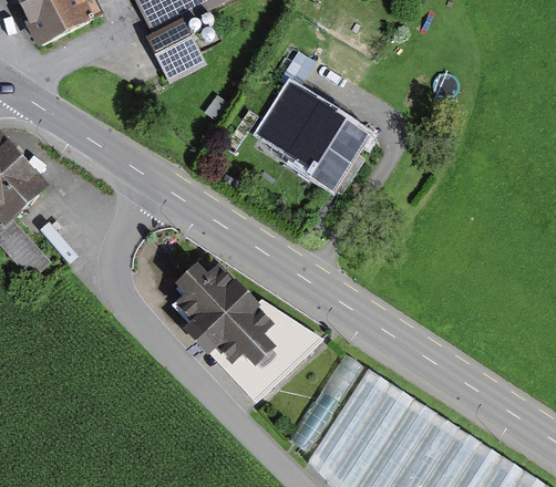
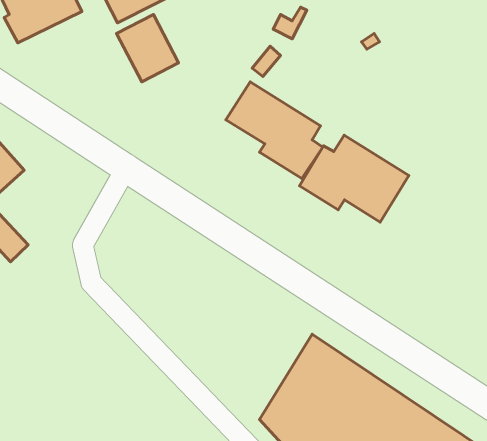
building: none -> [300,135,409,222]
building: [172,260,275,370] -> none

